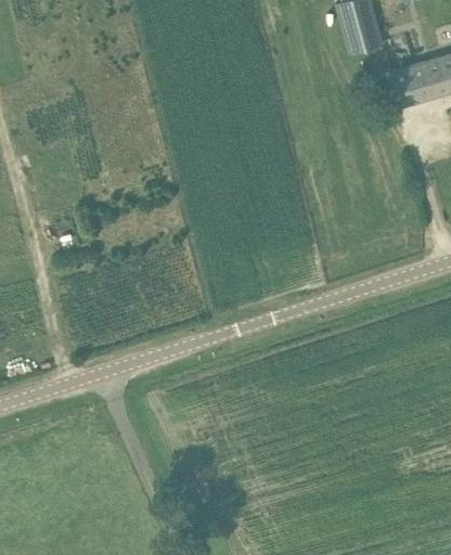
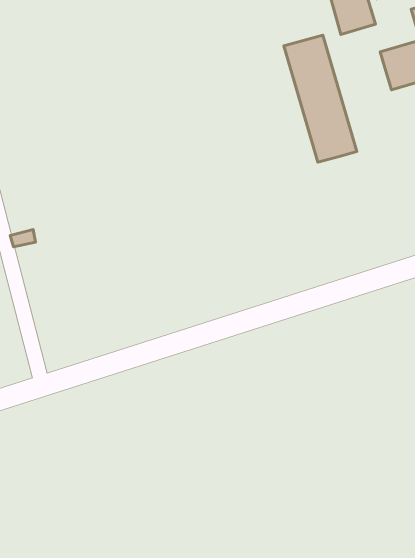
building: none -> [284,35,357,162]

